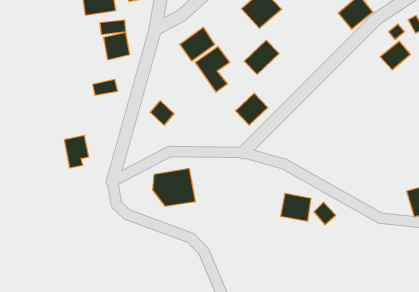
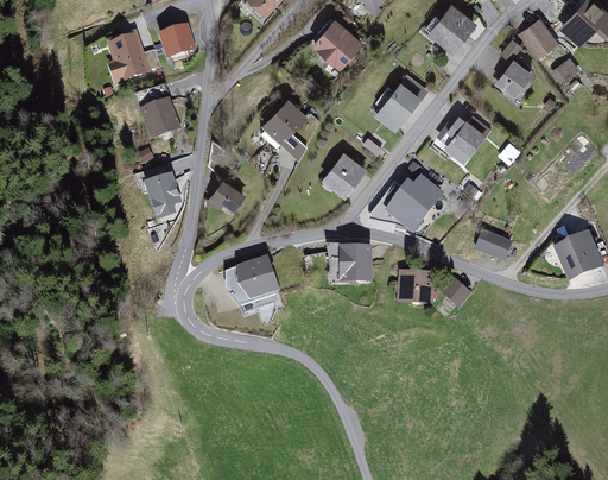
building: [180,27,215,61] -> none
building: [244,40,279,74] -> [375,83,418,128]
building: none -> [451,118,490,158]
building: none -> [386,179,441,232]
building: [64,135,89,168] -> [145,176,179,220]
building: none -> [327,247,372,284]
building: none -> [479,233,513,261]

